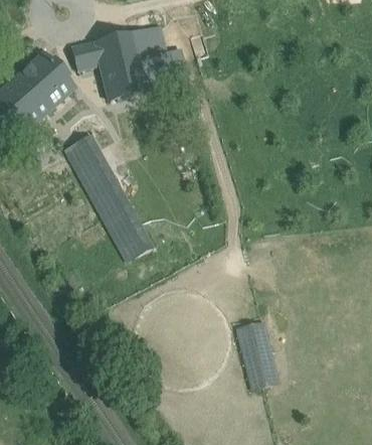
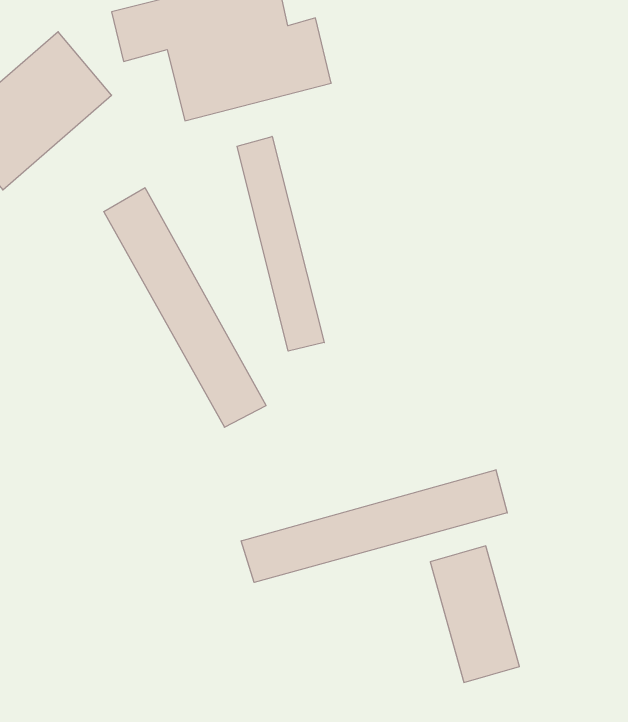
building: none -> [237,136,324,351]
building: none -> [241,470,507,582]

